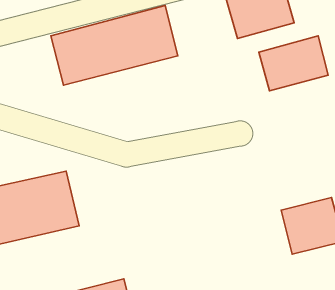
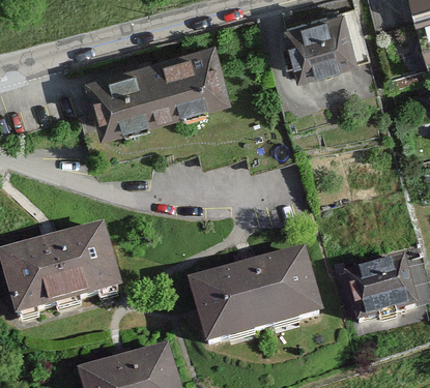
building: [259,36,328,91] -> none
building: none -> [191,247,321,340]

